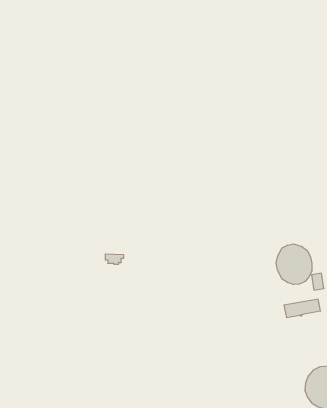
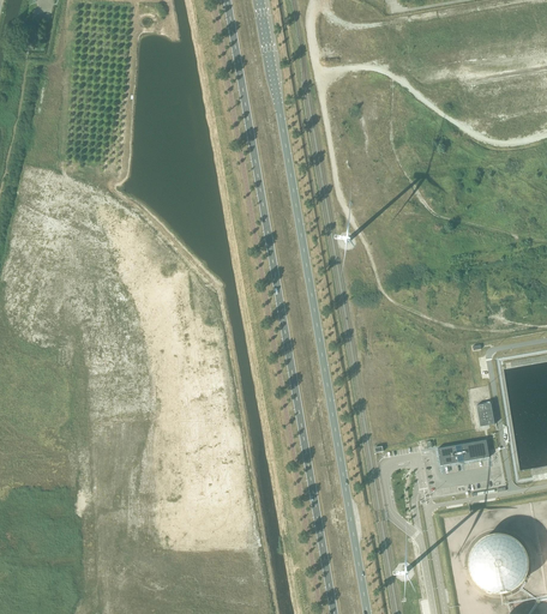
building: [276,244,312,285] -> none

